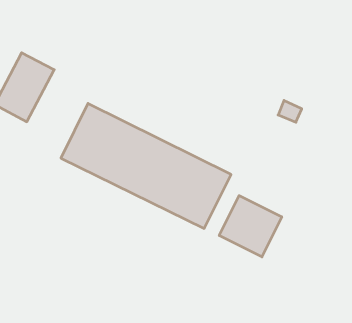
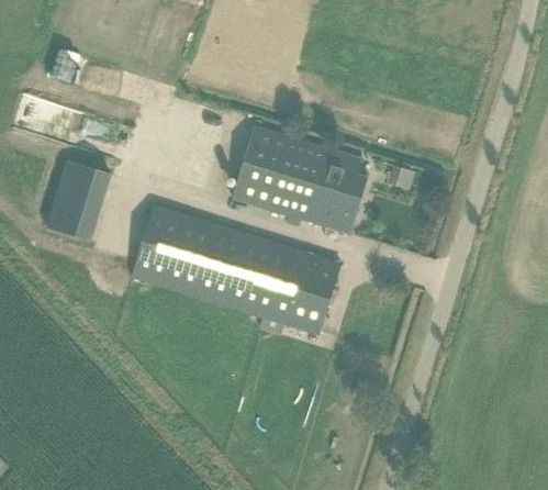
building: none -> [235,126,369,235]
building: [219,196,282,257] -> none

